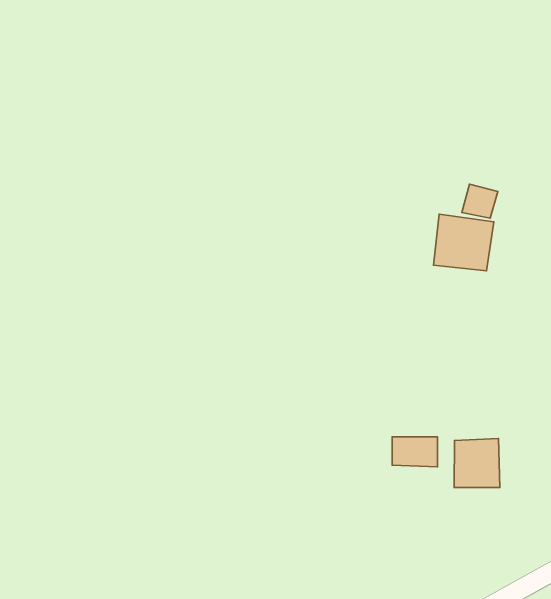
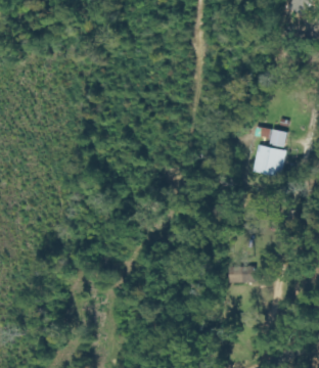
building: [454,439,500,487] -> none

